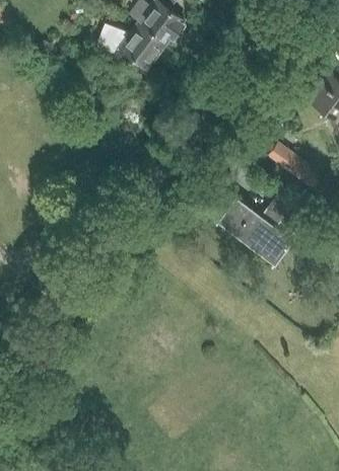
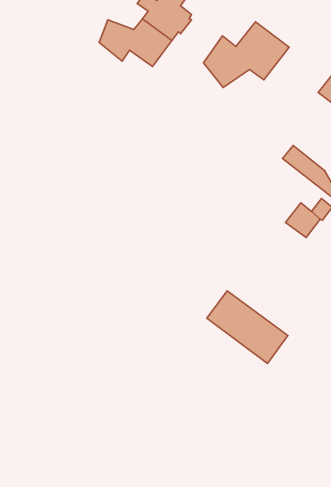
building: none -> [204,22,289,87]
building: [216,199,292,266] -> [207,291,288,364]

